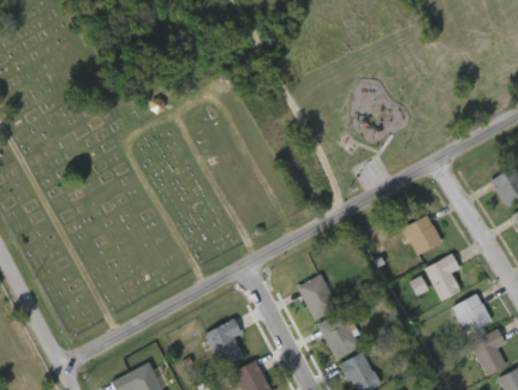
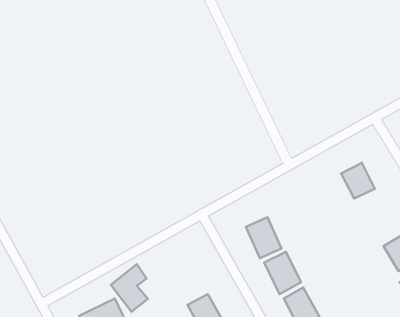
building: [424,253,463,300] -> none
building: [203,316,244,368] -> [111,264,148,312]

